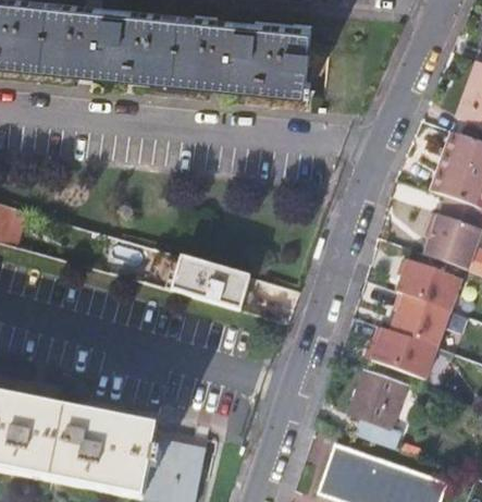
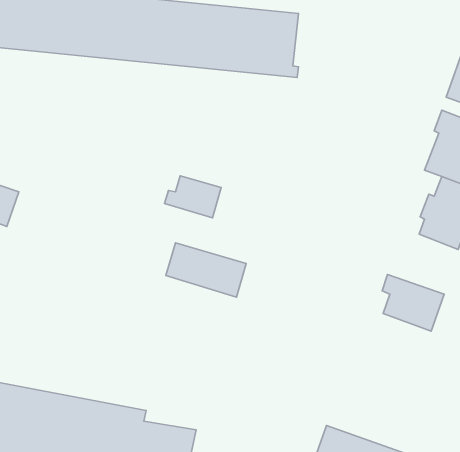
building: none -> [164,176,221,218]
building: [397,261,465,313] -> none
building: [372,329,441,381] -> none
building: [348,367,404,449] -> none

